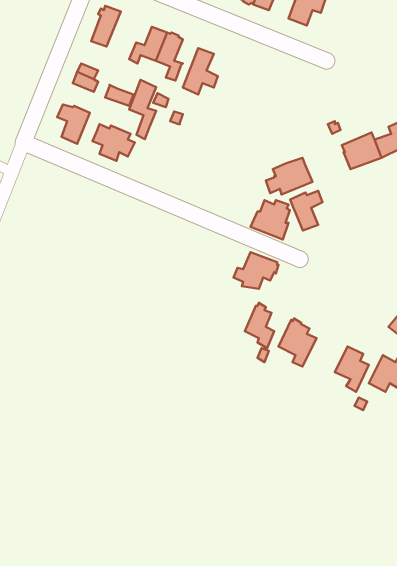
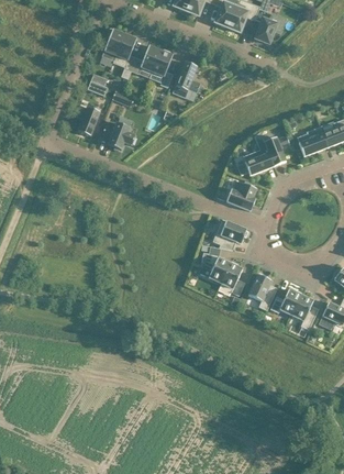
building: [129,80,156,139] -> [115,33,136,79]
building: [290,191,322,230] -> [264,135,289,166]
building: none -> [200,253,230,283]
building: none -> [270,288,301,315]

